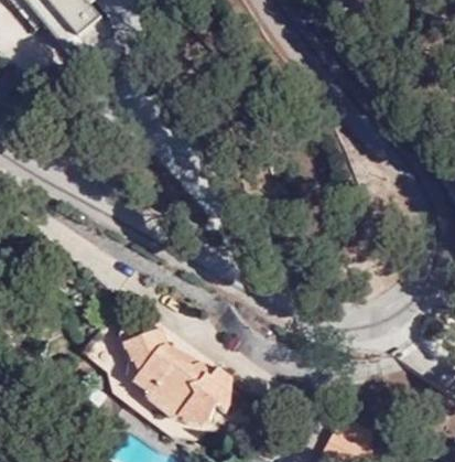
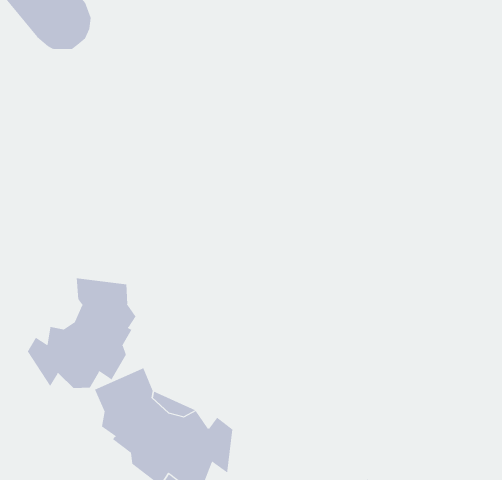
building: none -> [27,278,136,389]

